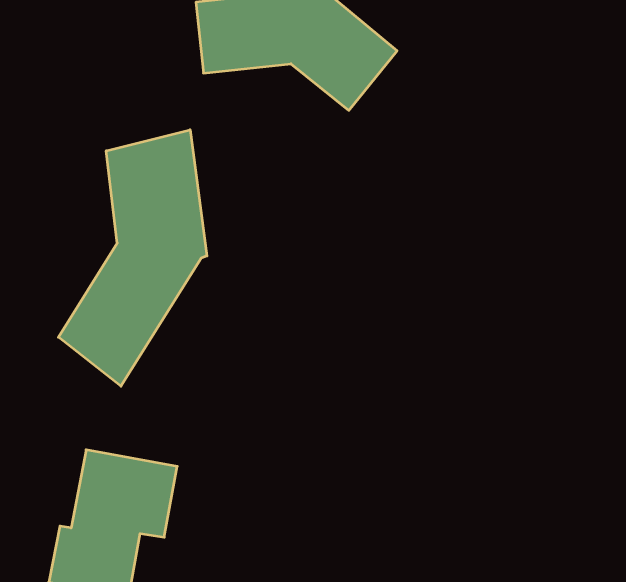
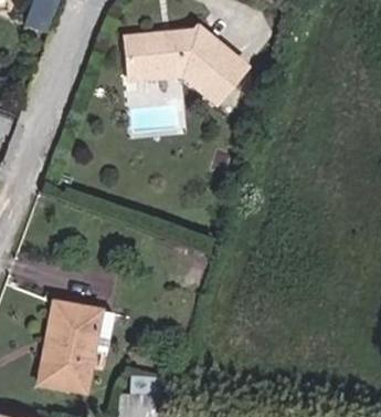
building: [58,130,207,386] -> none

